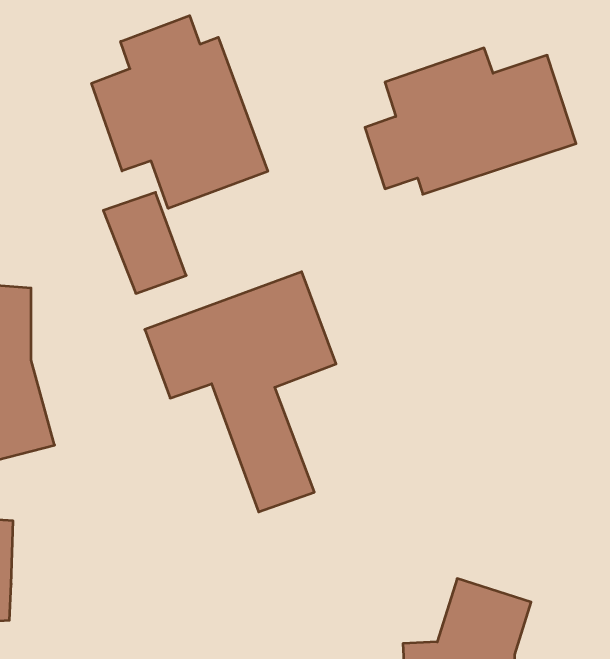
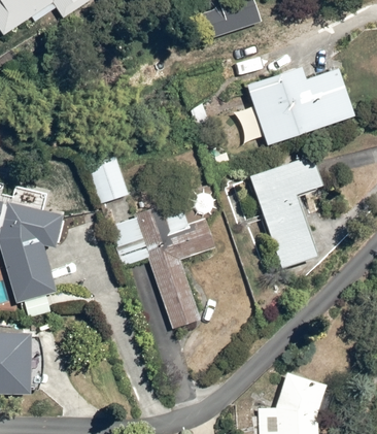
building: [92,16,268,208] -> none
building: none -> [251,151,325,270]

